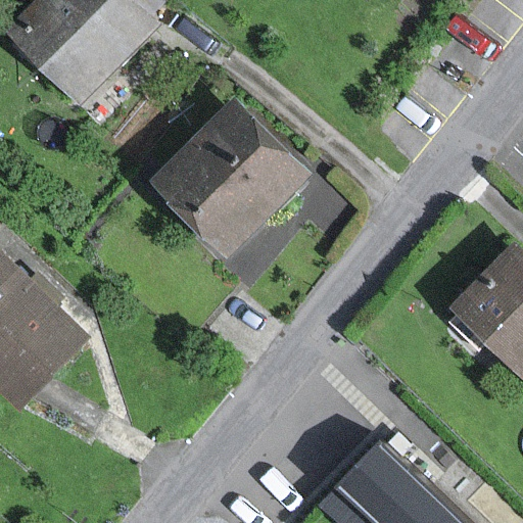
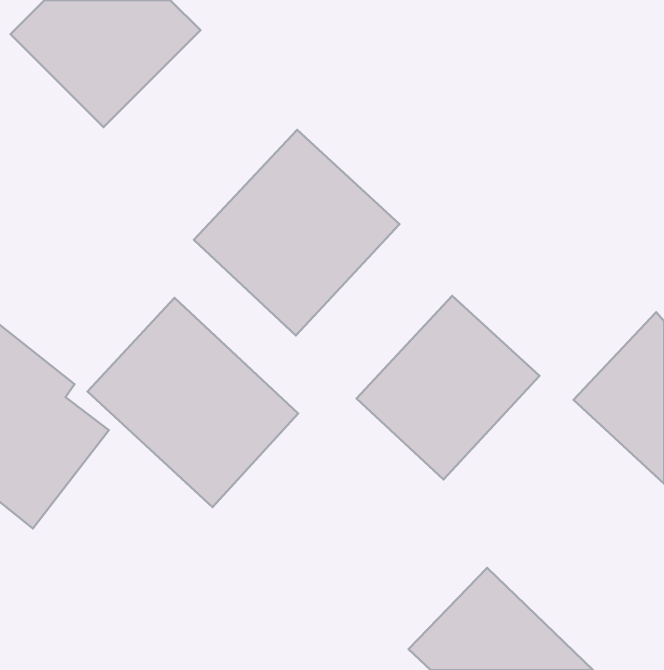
building: none -> [357,296,539,479]
building: none -> [87,298,298,507]

